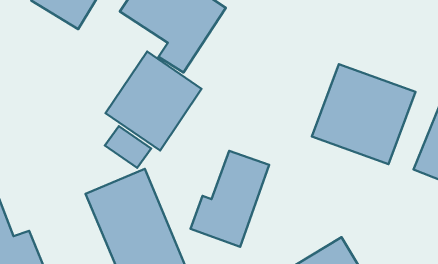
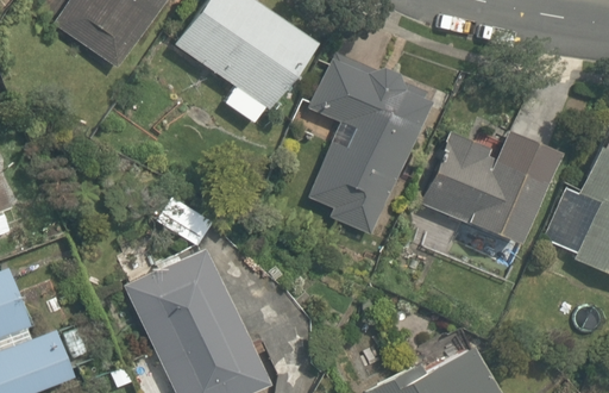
building: none -> [312,54,428,236]
building: [106,51,202,150] -> none
building: [191,151,269,247] -> none

